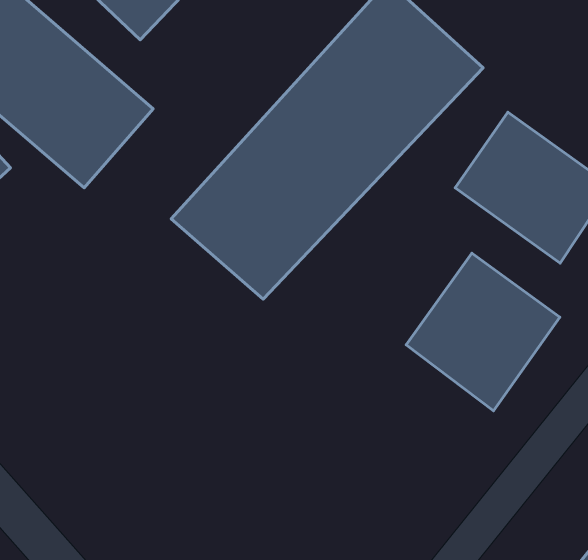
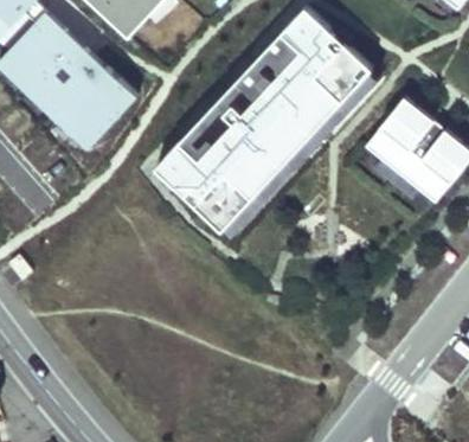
building: [406,253,560,411] -> none

